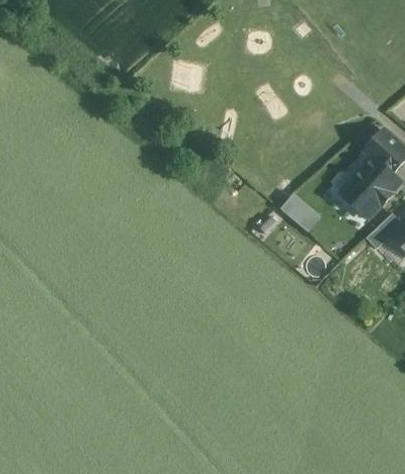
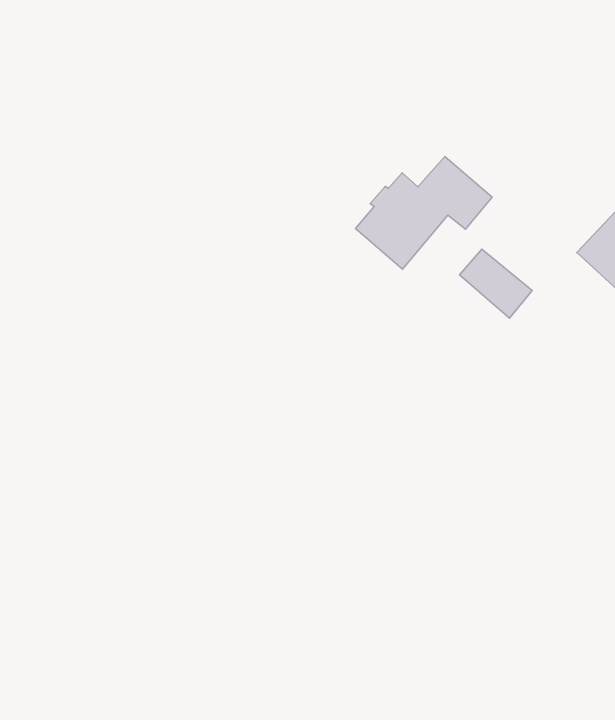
building: none -> [355,157,492,269]

